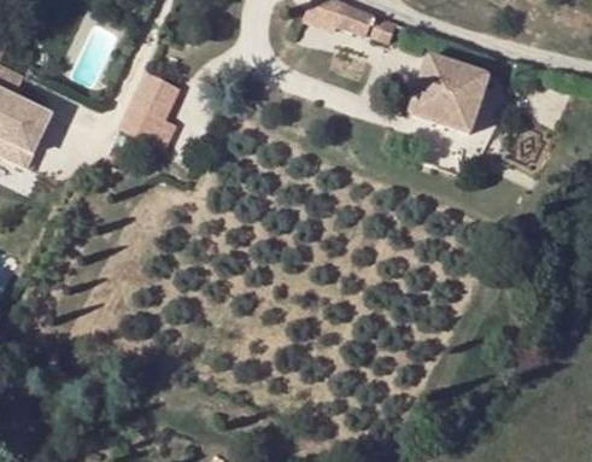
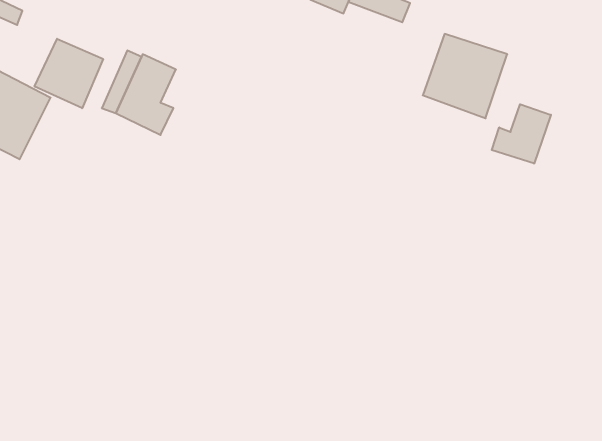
building: none -> [35,39,103,108]
building: none -> [492,104,551,164]

